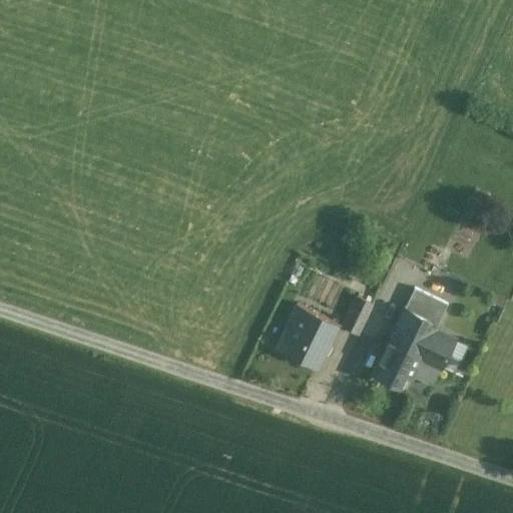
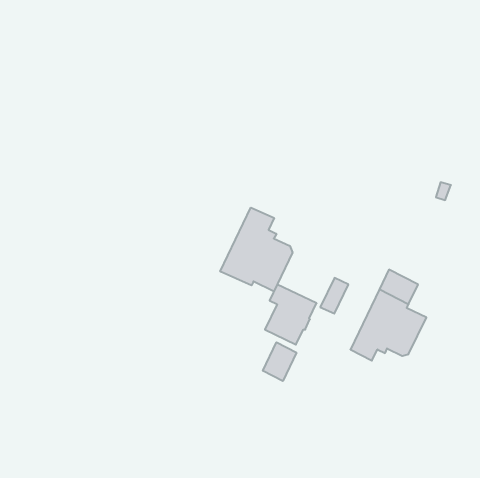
building: none -> [220,208,292,291]
building: none -> [263,342,296,381]

